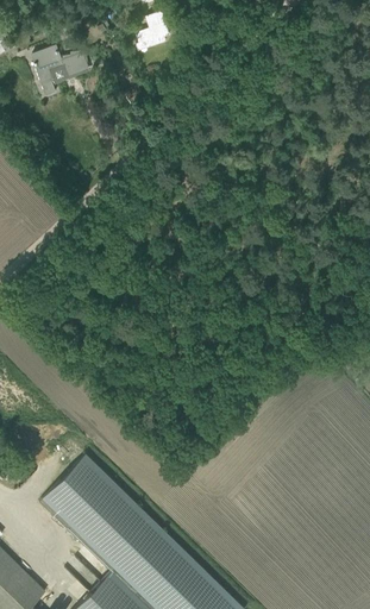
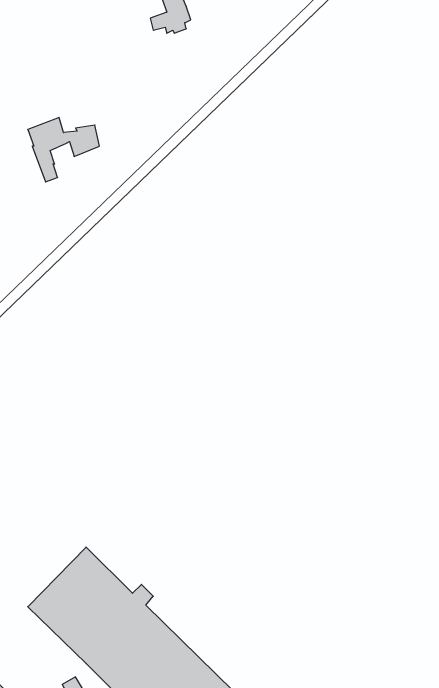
building: [32,45,89,96] -> [28,118,99,182]

